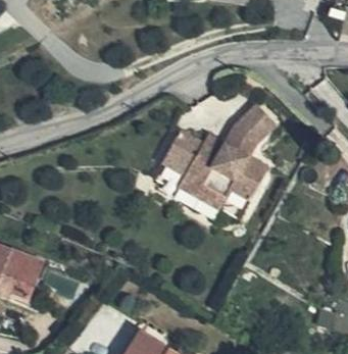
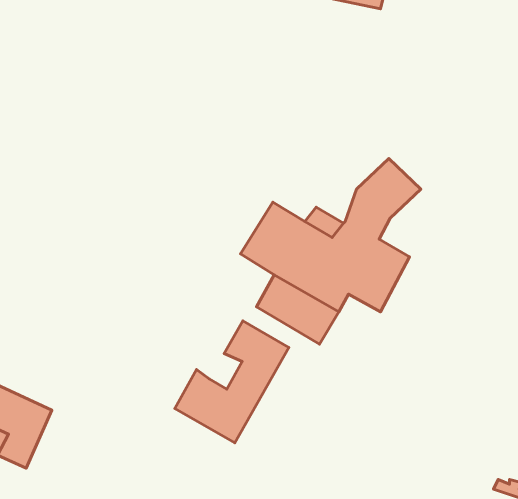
building: none -> [175,321,289,443]

